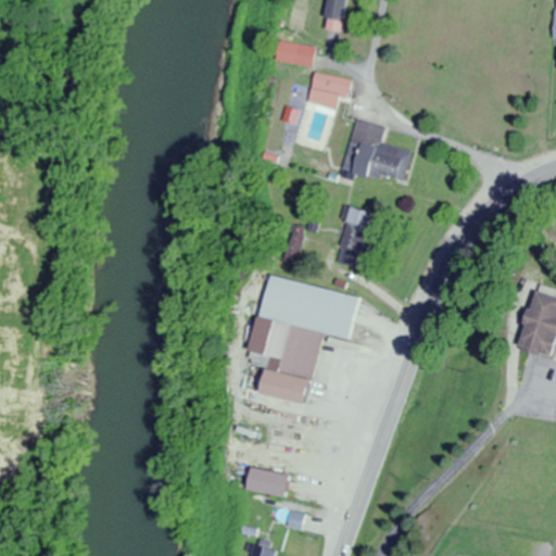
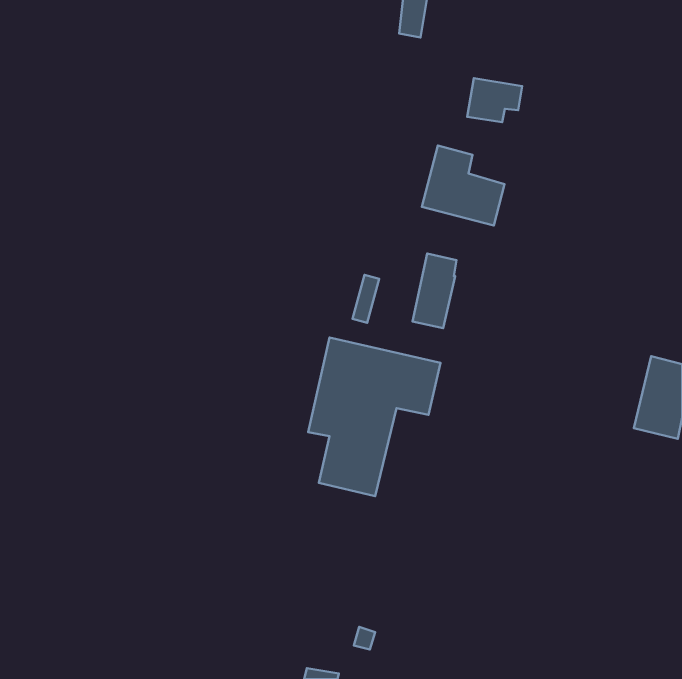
building: [275,39,316,66] -> none
building: [309,72,354,108] -> [467,78,522,122]
building: [244,467,289,497] -> none

